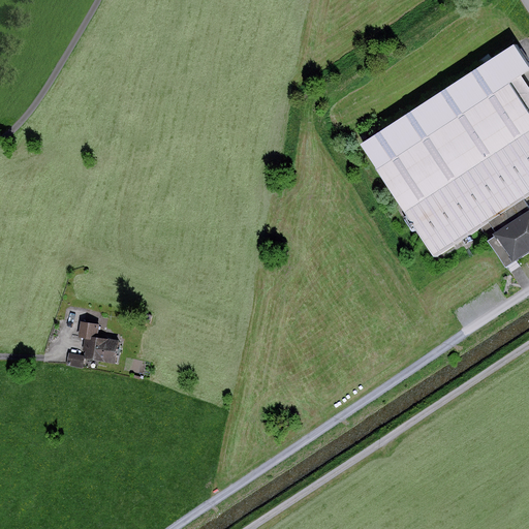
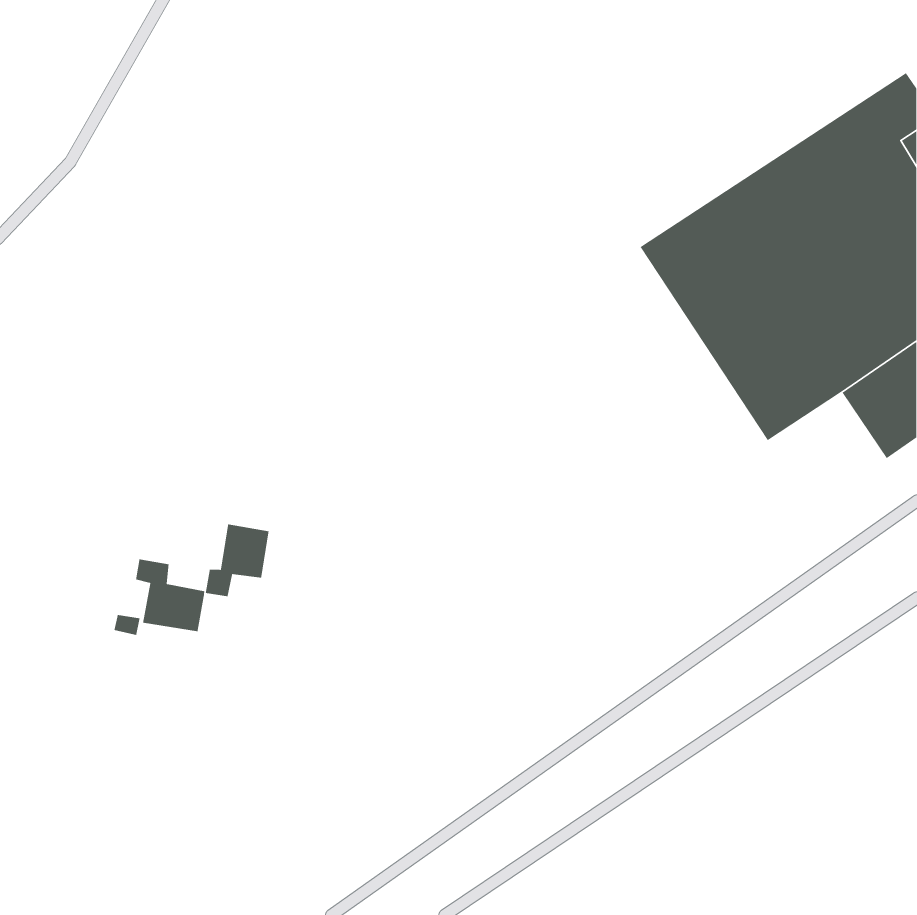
building: none -> [205,524,269,597]

